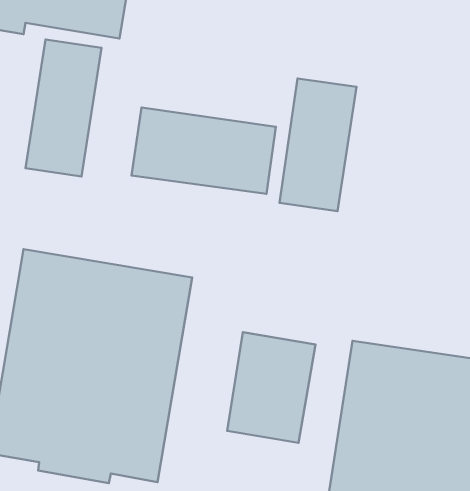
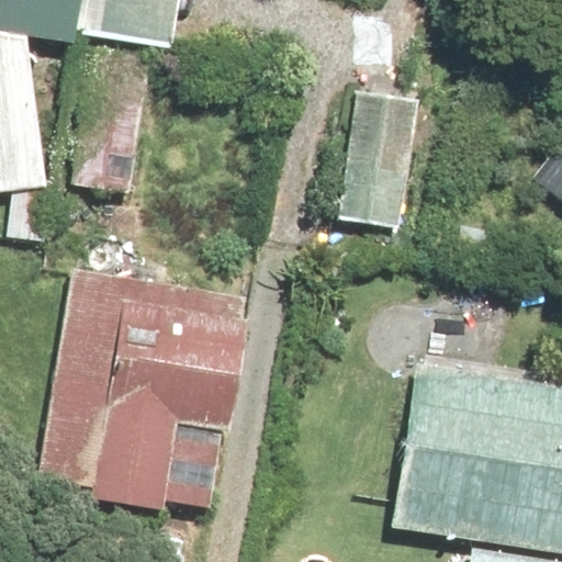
building: [132,107,276,194] -> none
building: [227,332,315,443] -> none

